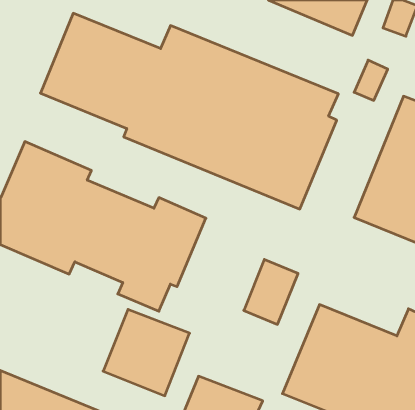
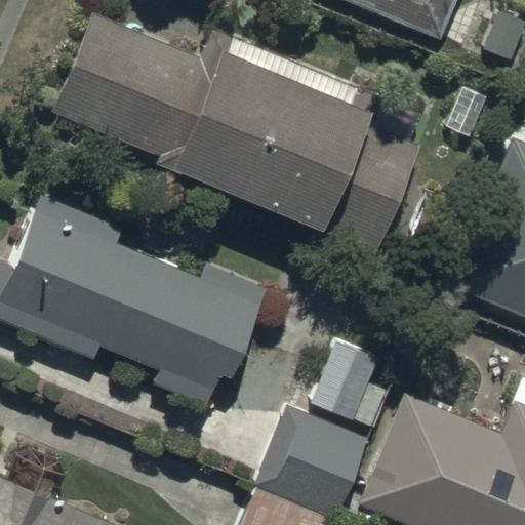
building: [103,309,190,396] -> [256,403,364,511]

